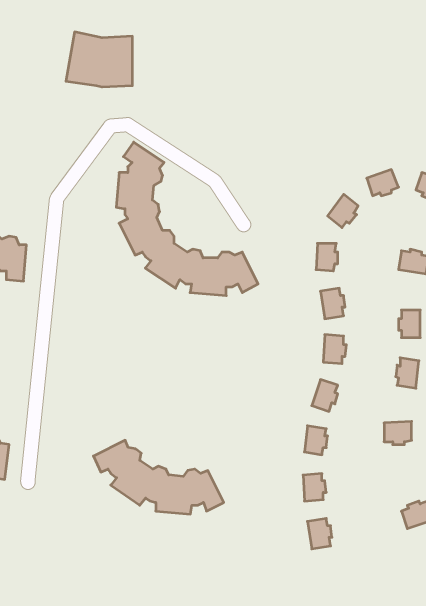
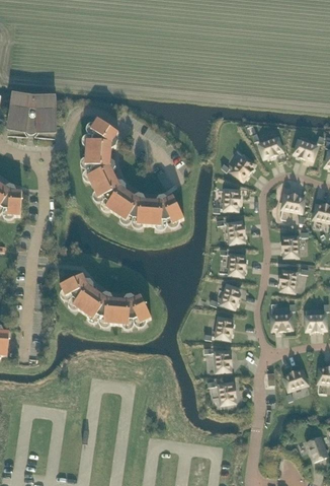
building: [66,32,132,87] -> [7,91,54,130]
building: [93,440,224,514] -> [60,272,151,324]

